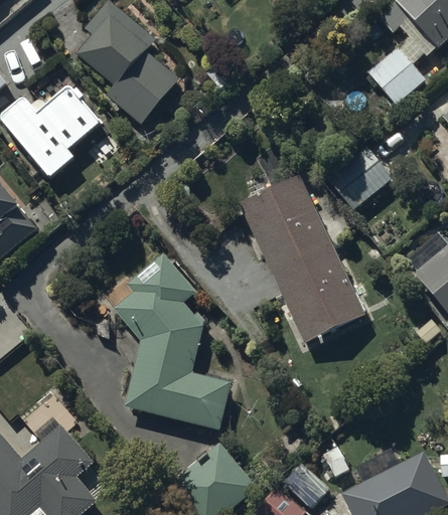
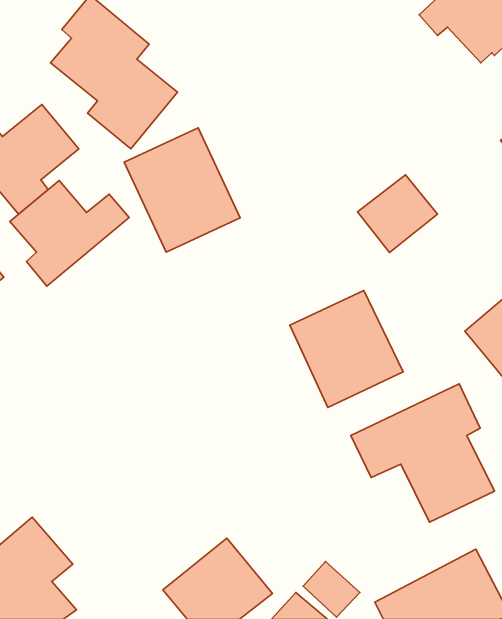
building: [367,45,425,104] -> none
building: none -> [10,181,129,286]
building: [237,167,331,269] -> [124,128,240,252]
building: [113,252,231,430] -> none
building: none -> [351,384,494,522]

